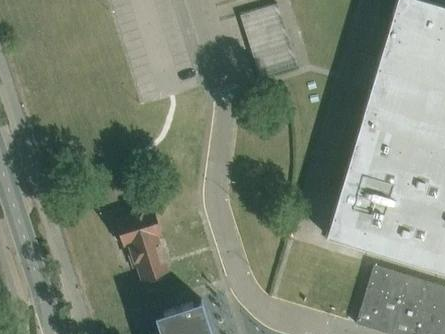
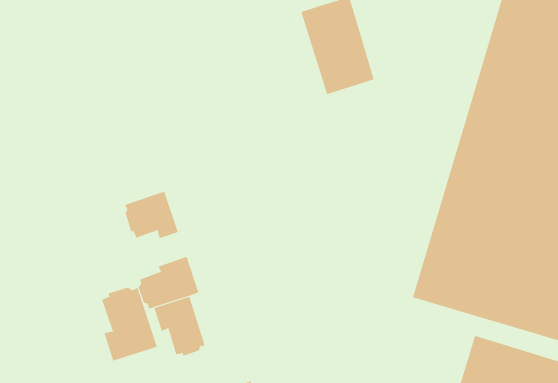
building: none -> [124,191,179,239]
building: none -> [101,287,158,362]

